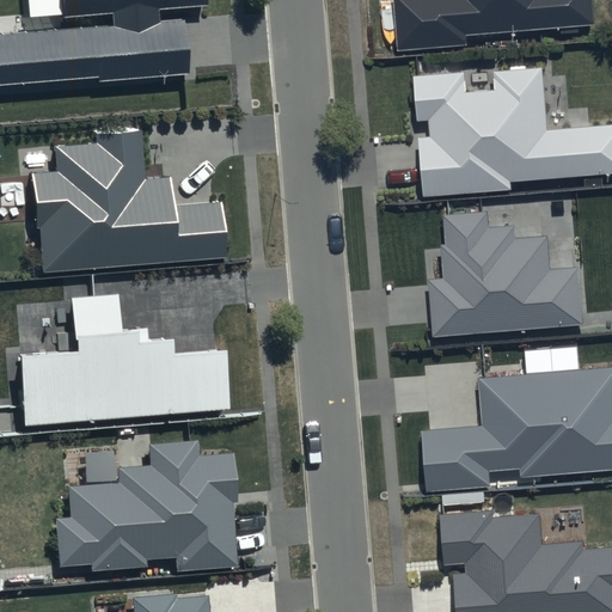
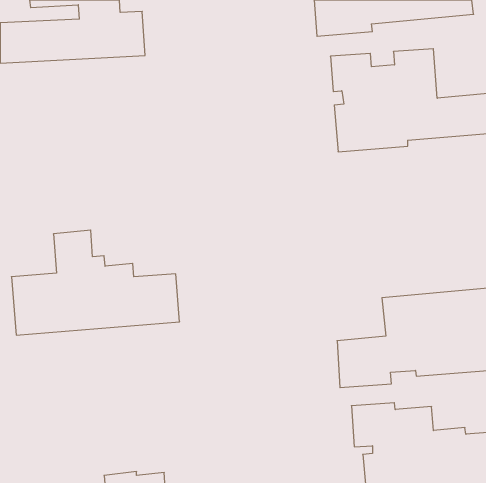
building: [17,130,216,268] -> none
building: [429,212,586,338] -> none
building: [54,441,237,573] -> none

